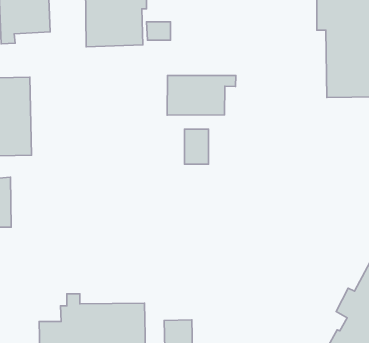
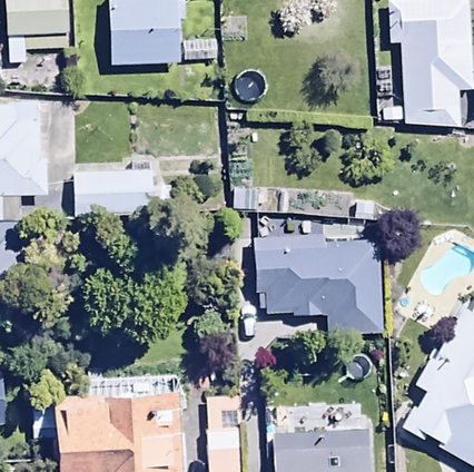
building: [167,75,236,115] -> none
building: none -> [75,157,154,218]
building: none -> [257,245,382,333]

